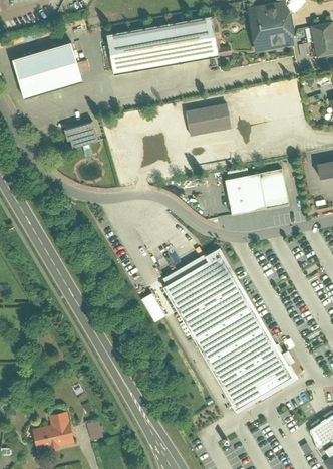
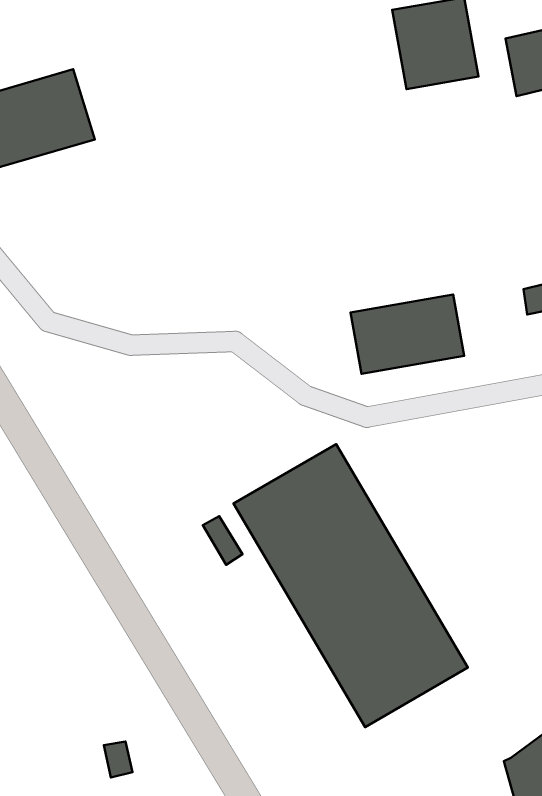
building: [107,16,218,72] -> none
building: [189,104,233,136] -> none
building: [66,120,100,146] -> none
building: [34,406,76,444] -> none

